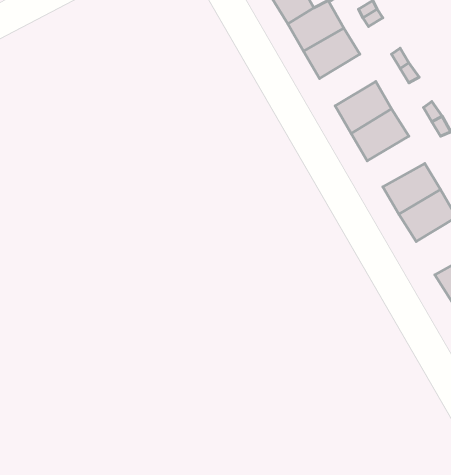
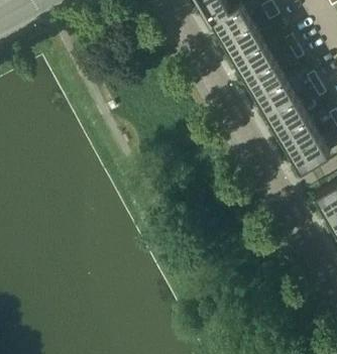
building: none -> [234,40,273,77]
building: none -> [267,98,308,133]

